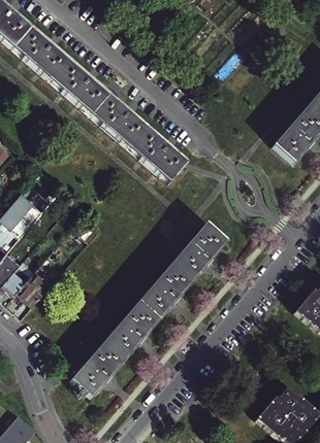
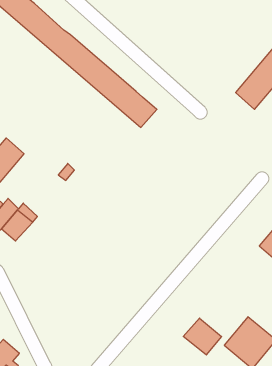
building: [70,219,227,396] -> none
building: none -> [183,318,222,355]

